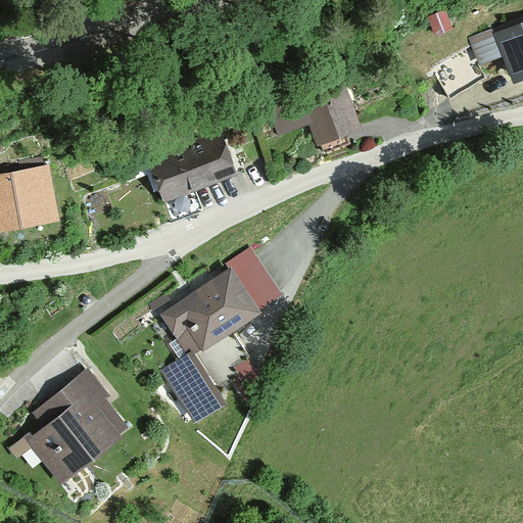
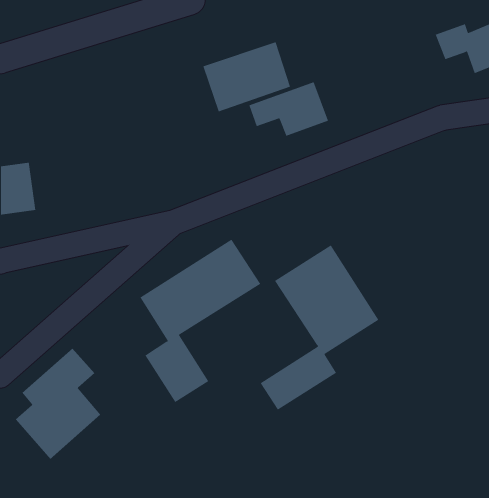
building: [143,127,235,200] -> [202,42,291,112]
building: none -> [260,245,379,411]

